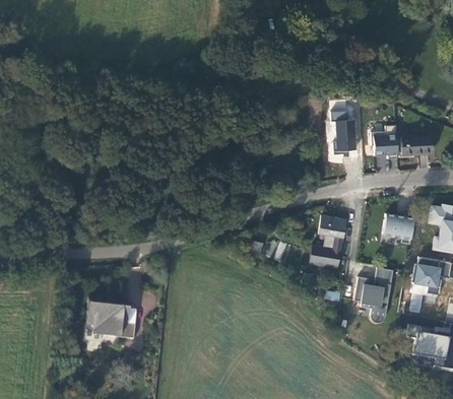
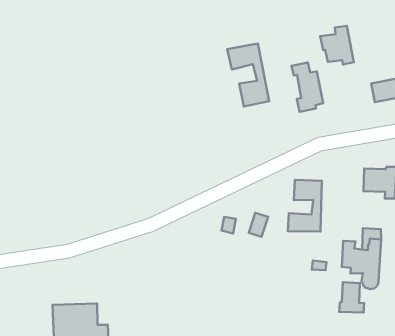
building: none -> [227,44,269,107]
building: [371,125,398,159] -> [320,26,354,65]
building: none -> [339,282,364,312]

